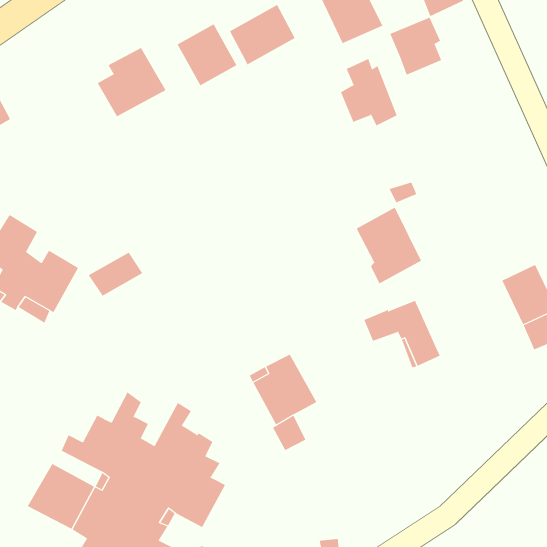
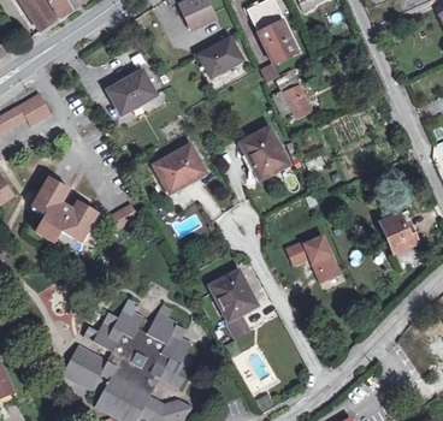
building: [389,17,442,76] -> none
building: [177,24,237,86] -> none
building: none -> [154,144,203,191]
building: [356,207,422,284] -> [243,126,288,178]

